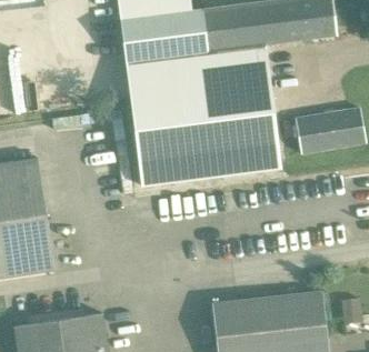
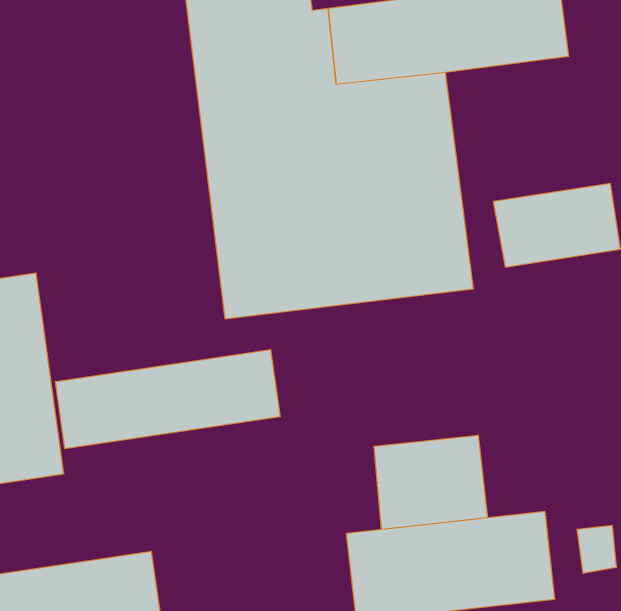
building: none -> [55,349,280,449]
building: none -> [374,435,487,530]

